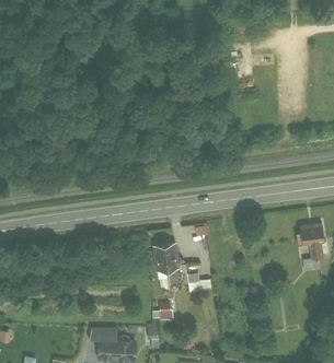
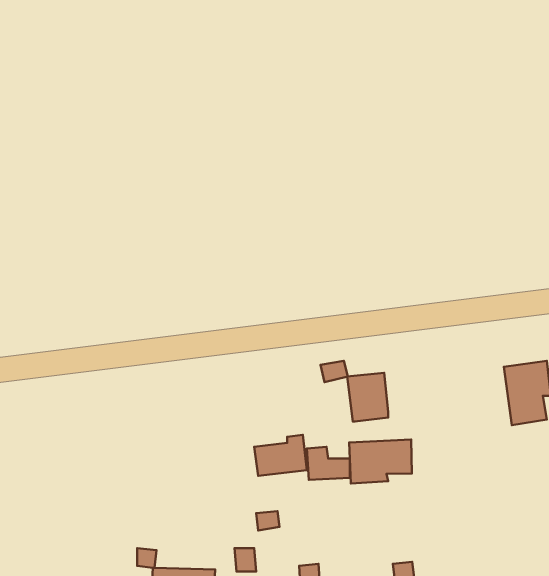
building: [153,244,176,271] -> [347,373,388,421]
building: none -> [349,440,412,484]

